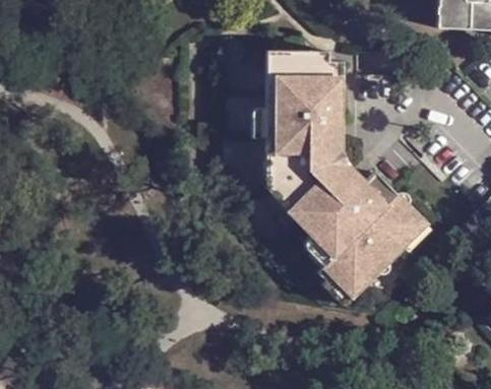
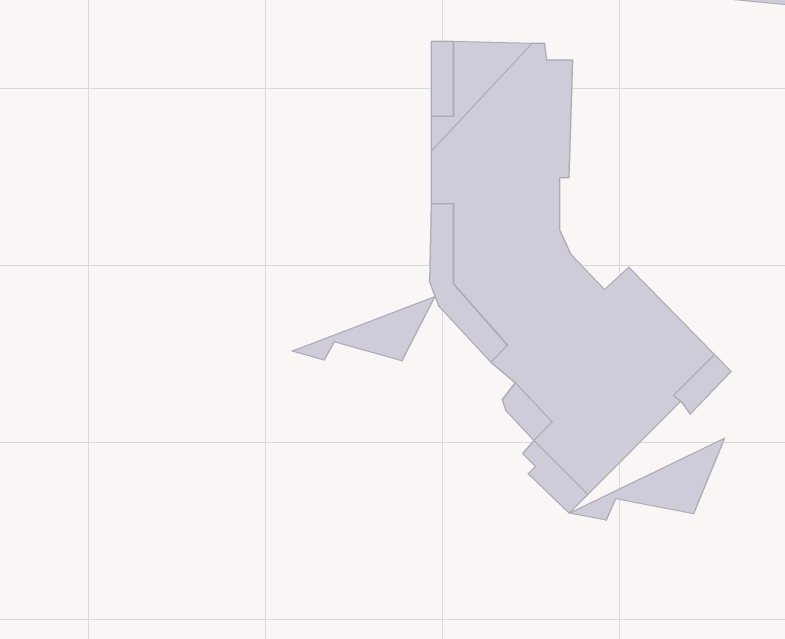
building: none -> [292,297,435,361]
building: none -> [569,438,724,520]

